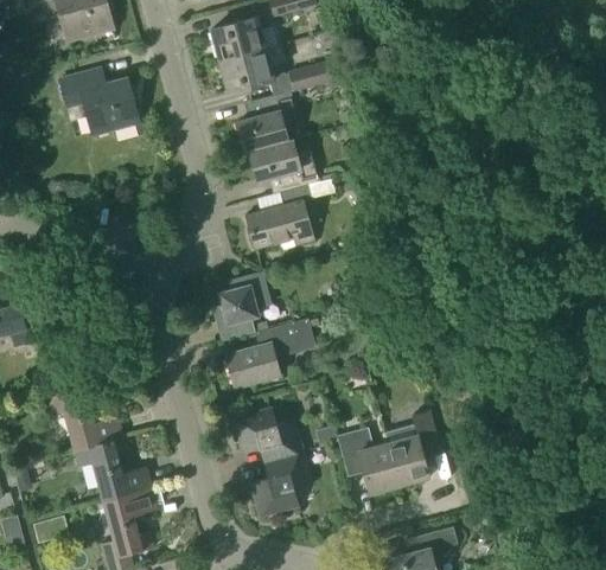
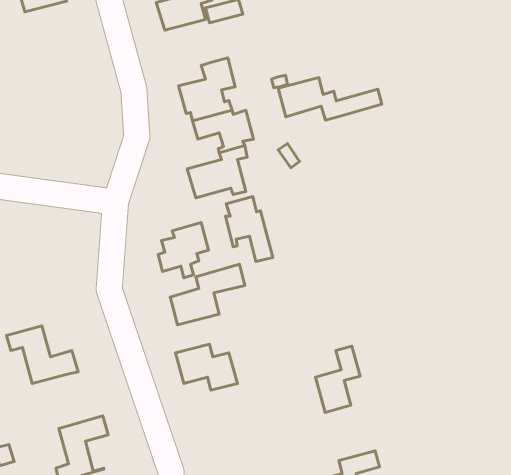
building: [221,47,336,95] -> [278,77,382,120]
building: [57,71,138,134] -> none
building: none -> [225,196,273,262]
building: [336,427,398,492] -> none
building: [74,441,152,501] -> none
building: [251,451,310,514] -> none

